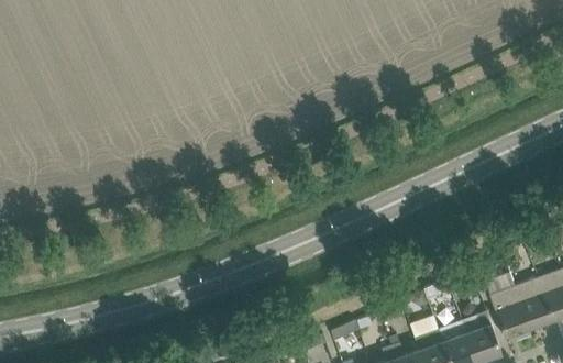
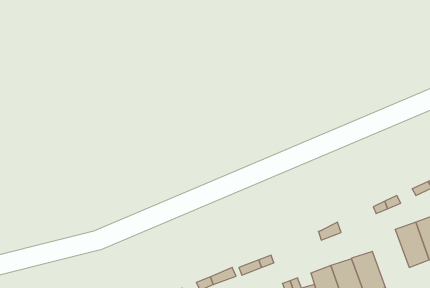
building: [489,287,530,340] -> none

